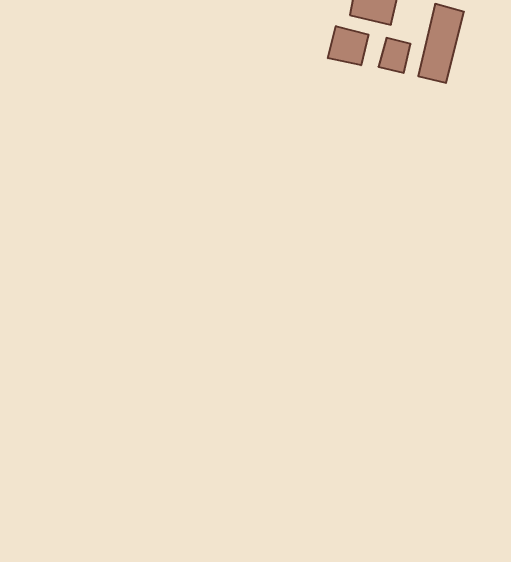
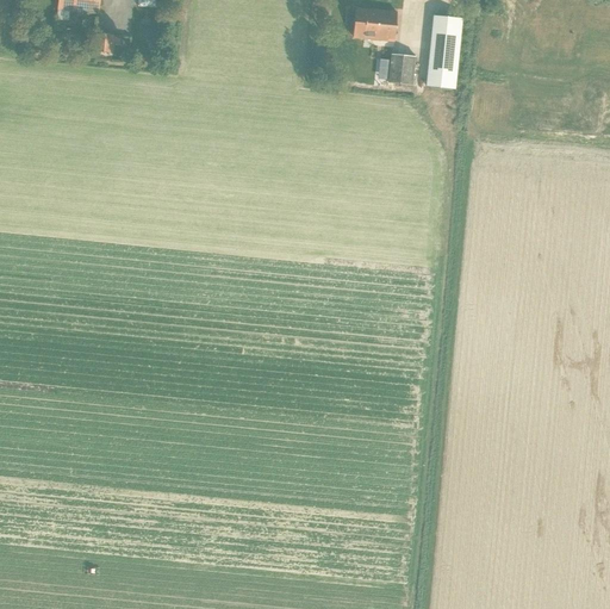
building: [328,26,368,65] -> none

